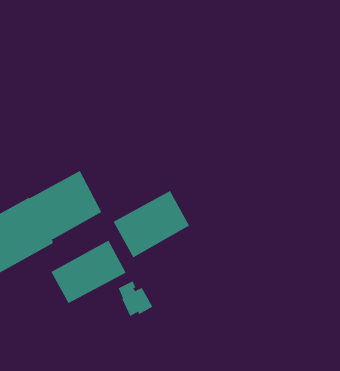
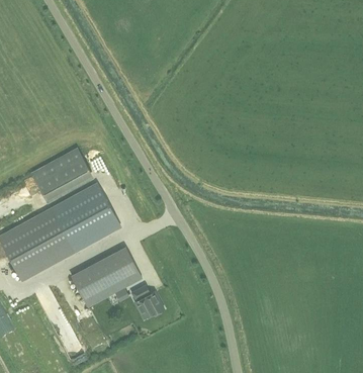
building: none -> [31,148,90,195]
building: [113,190,190,258] -> none

